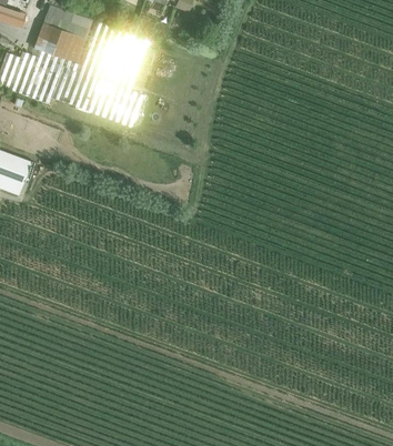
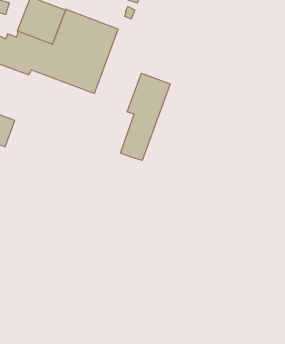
building: none -> [121,73,170,160]

